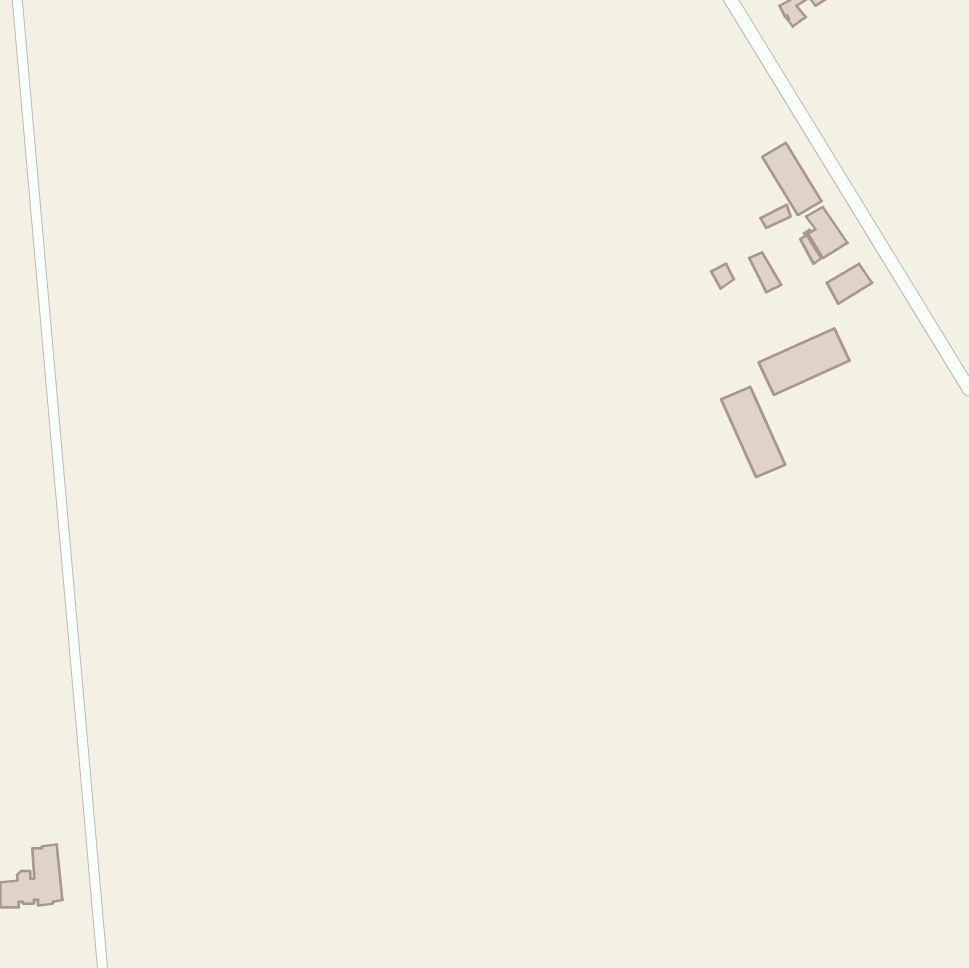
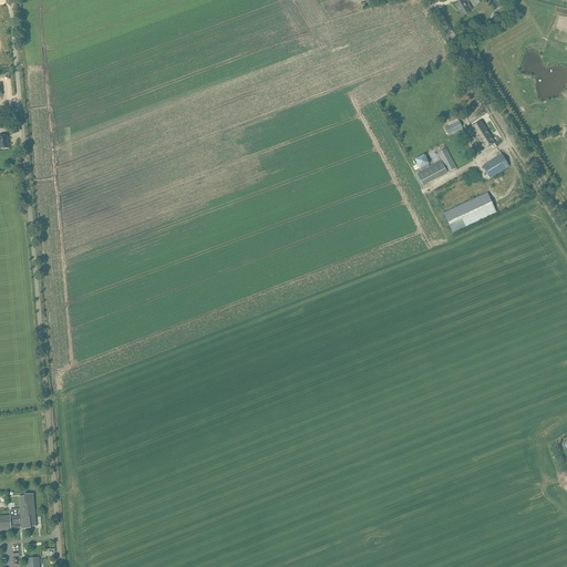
building: [762,143,822,215] -> none
building: [721,387,785,477] -> none

